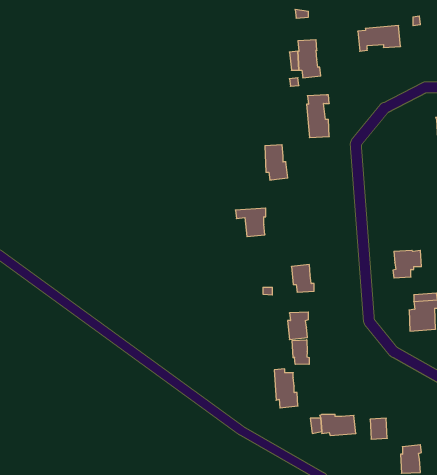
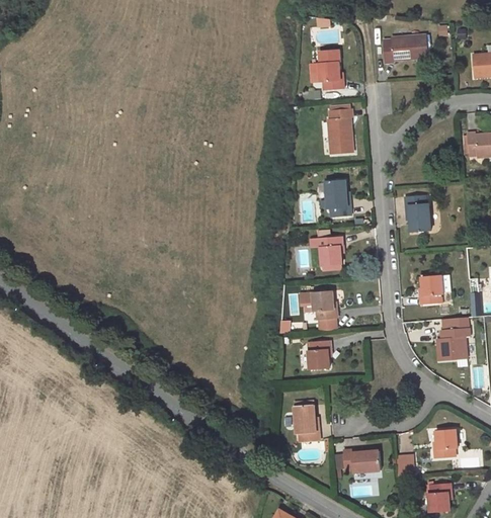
building: [265,145,288,180] -> [326,179,350,217]
building: none -> [405,194,430,232]
building: [235,208,266,237] -> [310,236,342,266]
building: [292,340,309,364] -> none
building: none -> [434,428,457,457]

